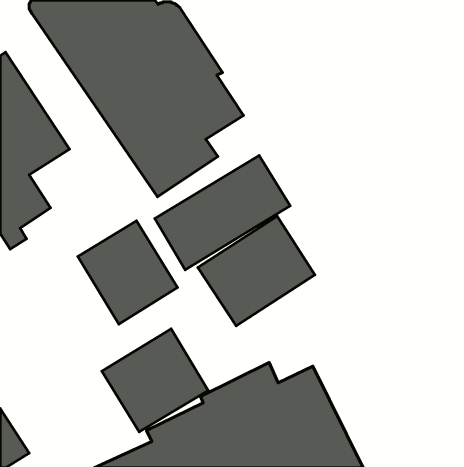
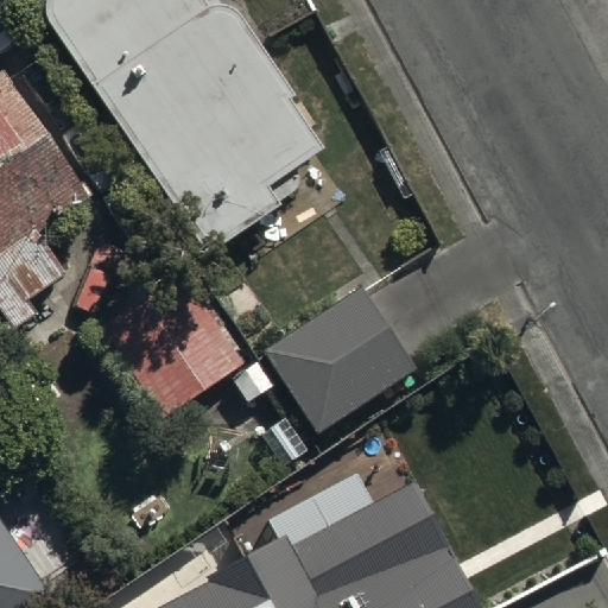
building: [155,156,290,270] -> none
building: [102,329,208,432] -> none

